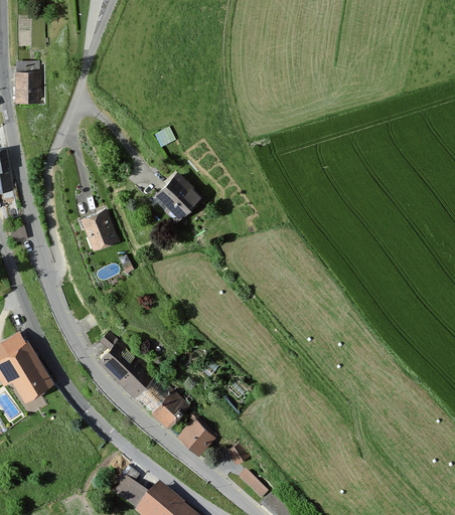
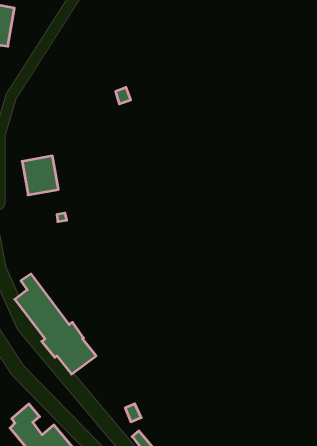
building: [153,172,203,221] -> none
building: [176,417,217,459] -> none

